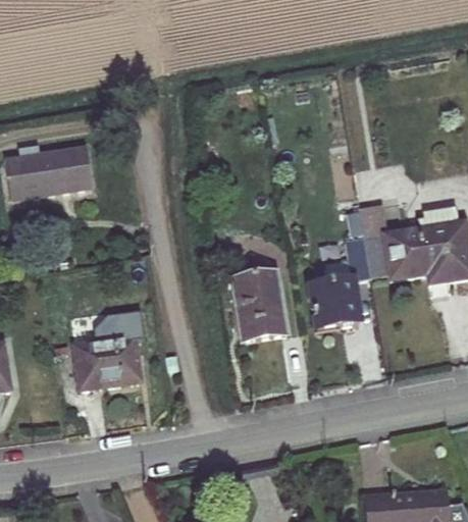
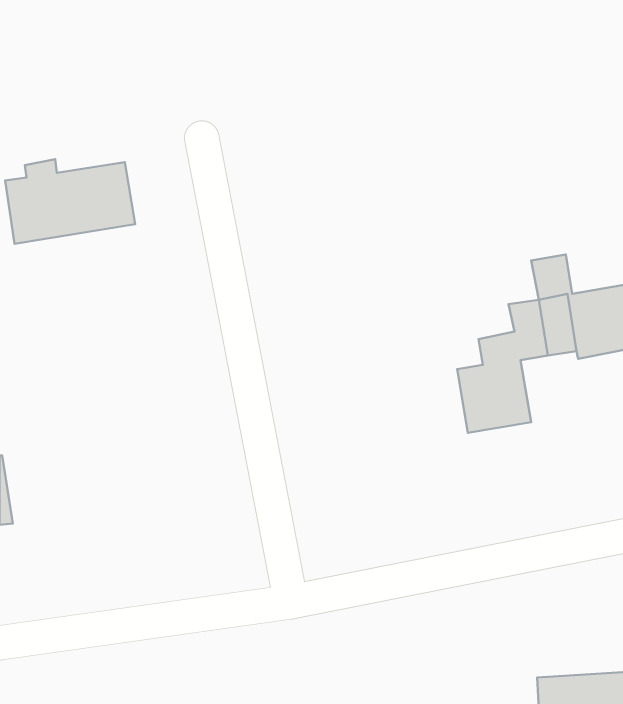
building: [231,271,287,342] -> none
building: [75,315,140,387] -> none

